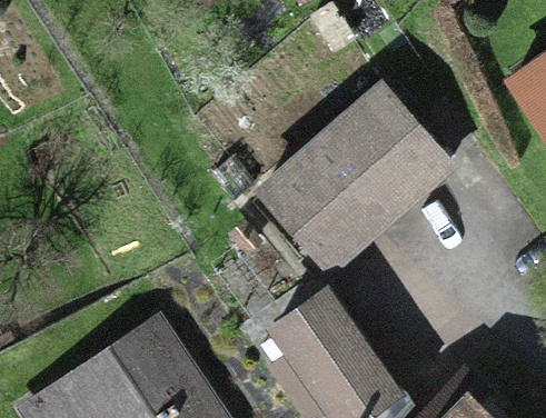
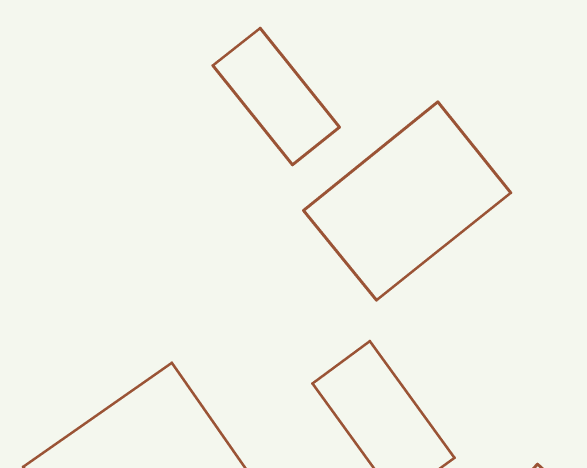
building: none -> [213,28,340,165]

